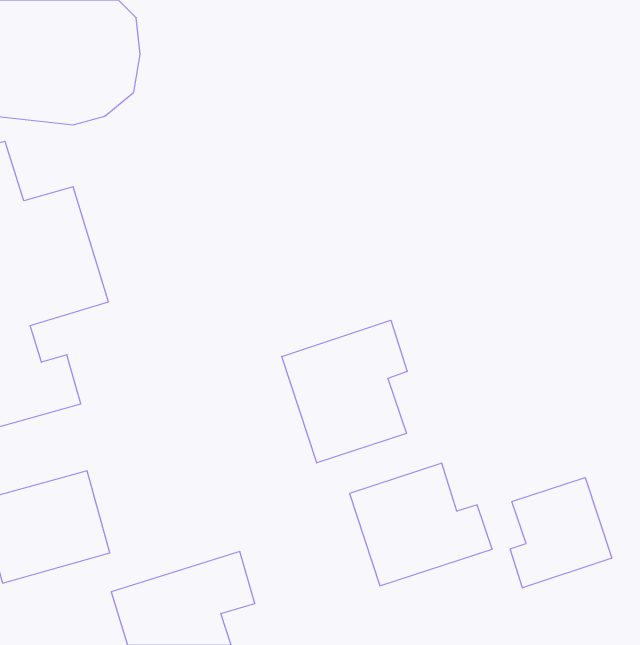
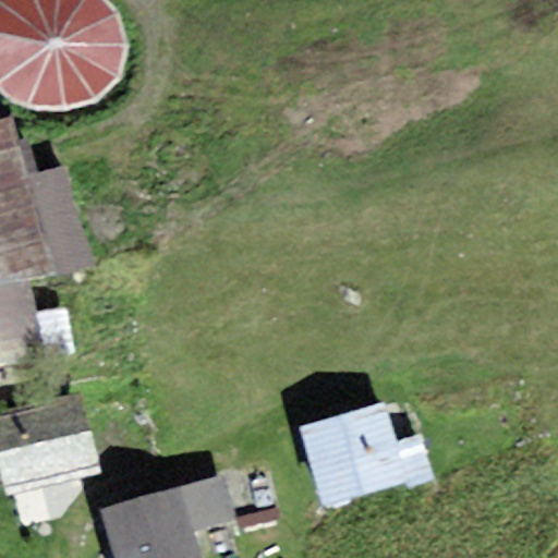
building: [282,320,407,463] -> none
building: [510,478,612,588] -> none

